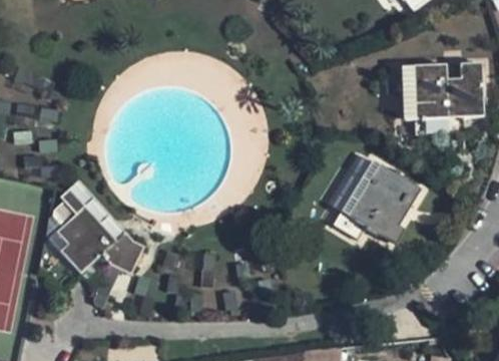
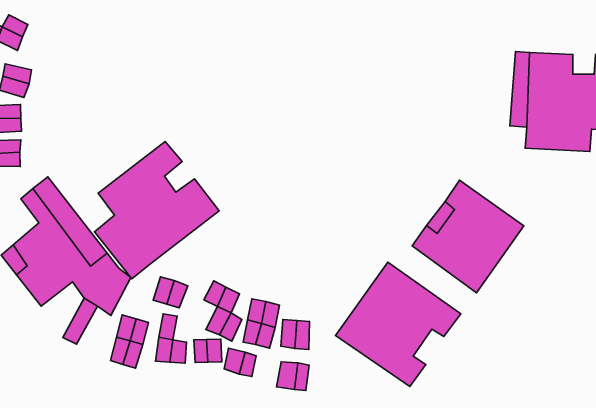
building: none -> [94,142,219,279]
building: none -> [336,262,461,387]

